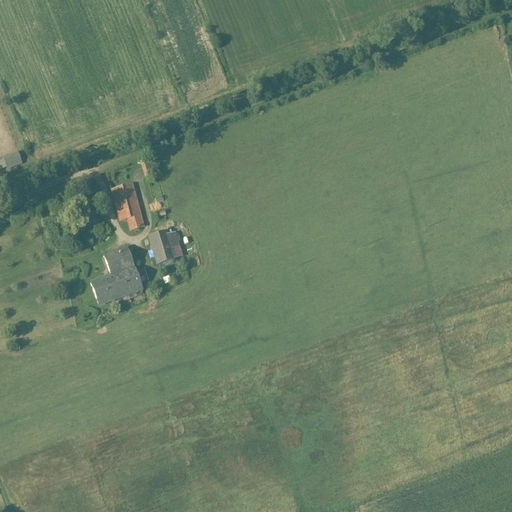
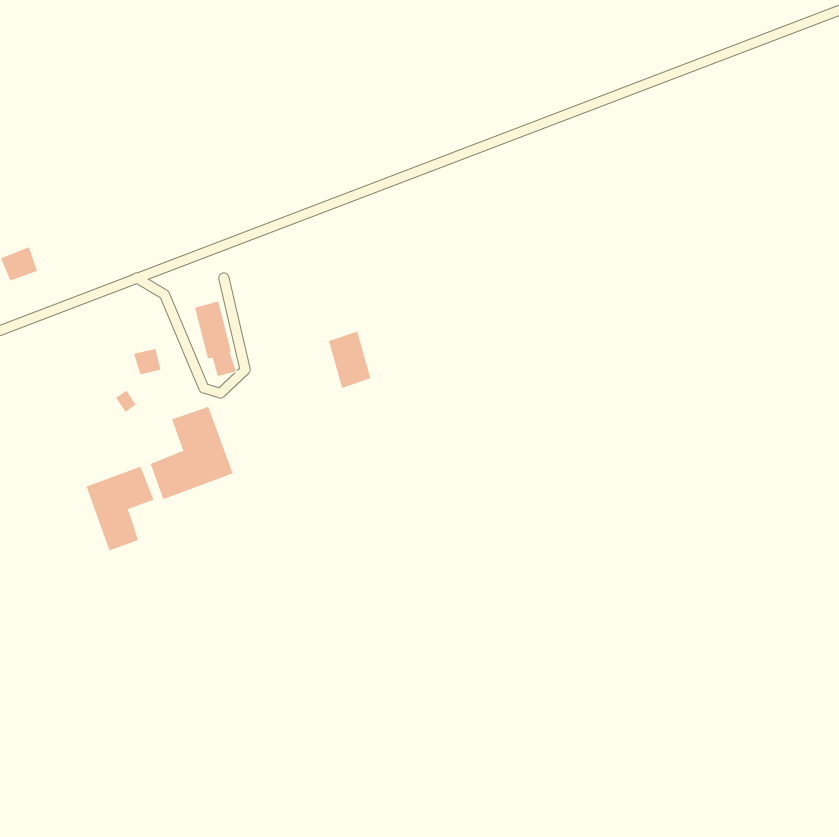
building: [150,229,176,264] -> [328,331,371,389]
building: none -> [86,466,154,551]

